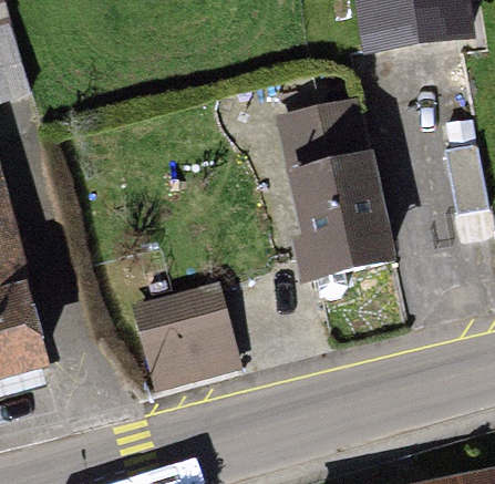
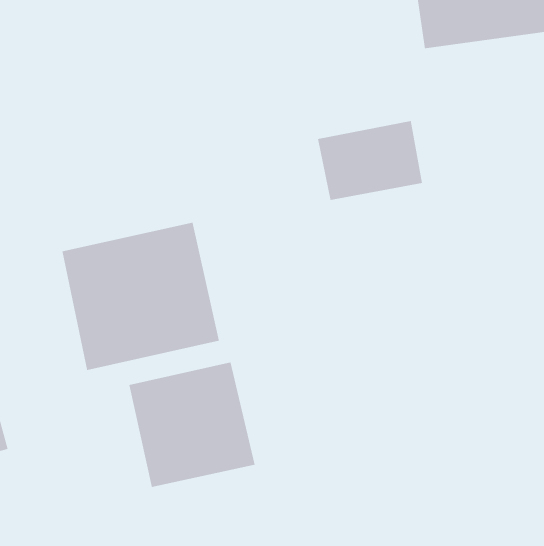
building: [297,154,389,270] -> none
building: none -> [62,222,219,371]

